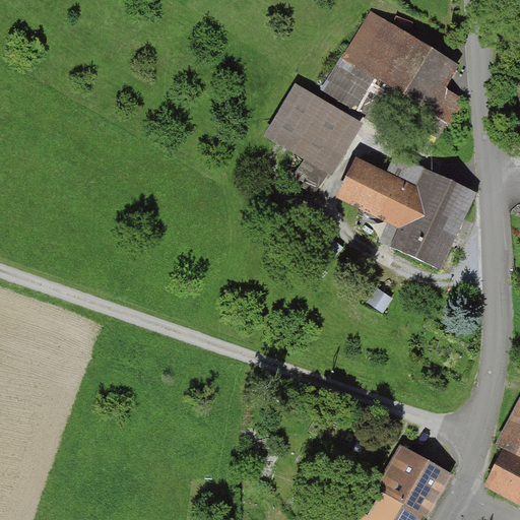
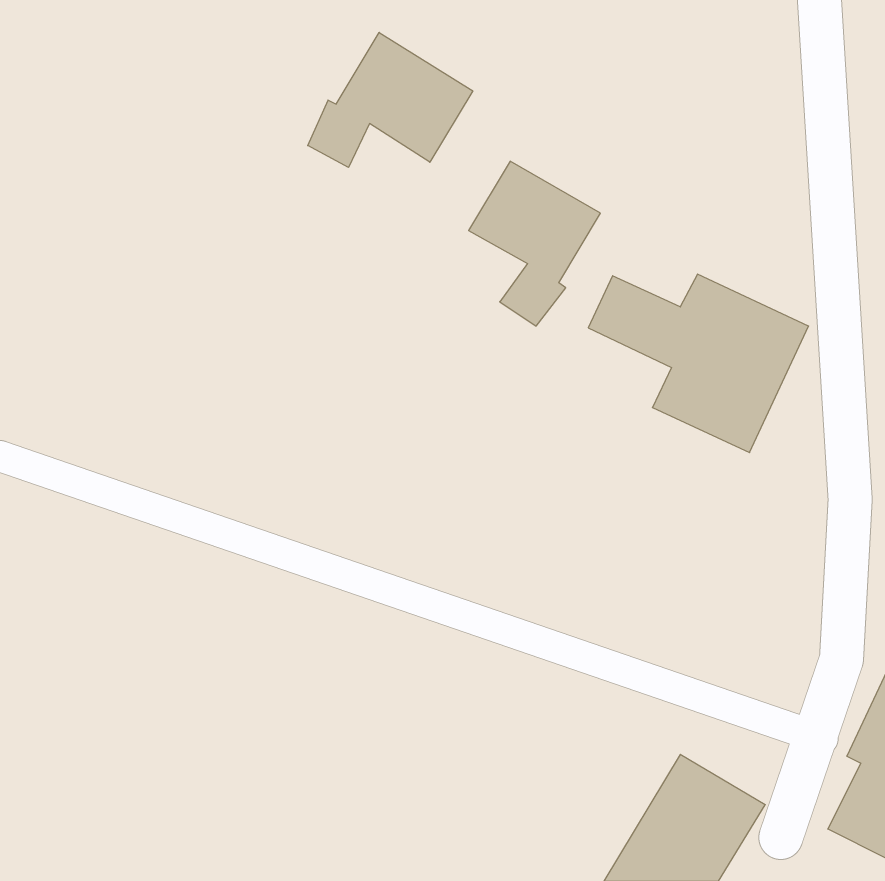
building: [329,16,466,133] -> none
building: none -> [308,32,473,167]

